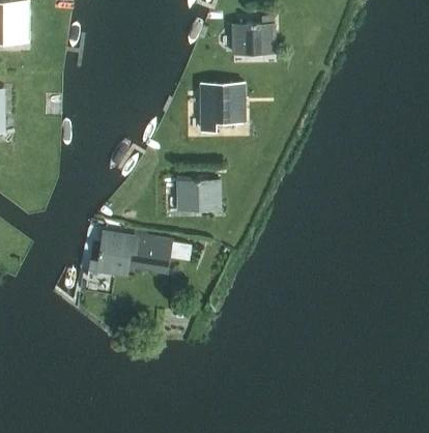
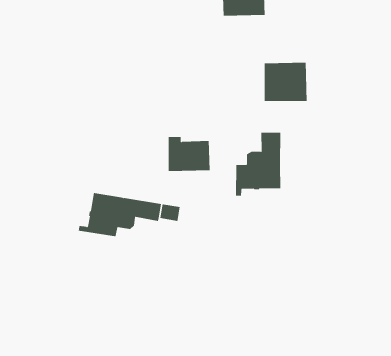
building: [200,84,244,123] -> [264,62,307,102]
building: none -> [236,132,281,197]

